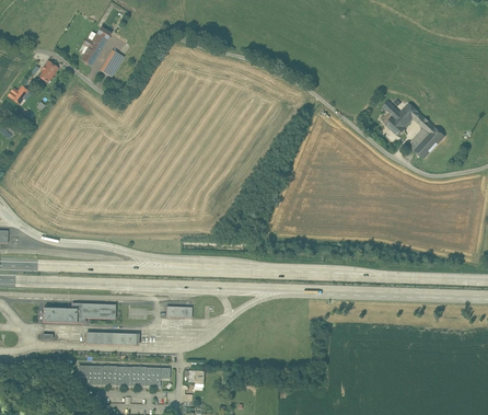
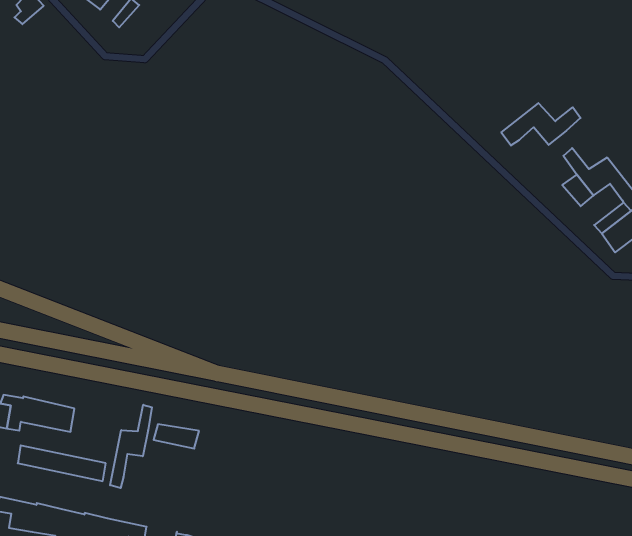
building: none -> [501,103,581,146]
building: none -> [110,405,152,488]

